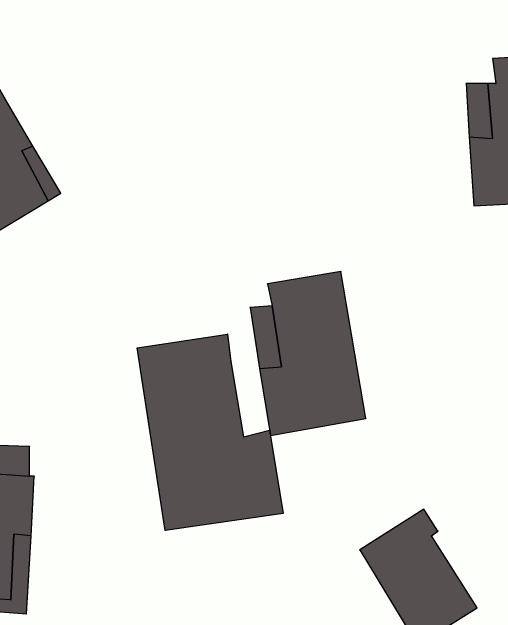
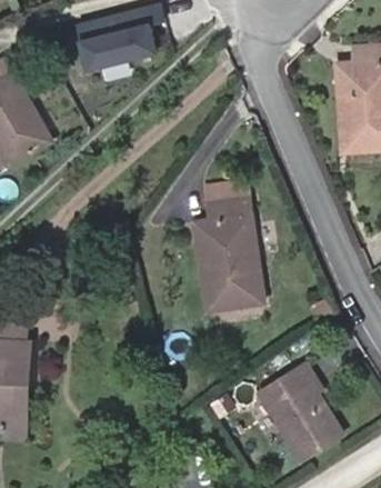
building: none -> [76,18,157,68]
building: [137,334,283,530] -> none

